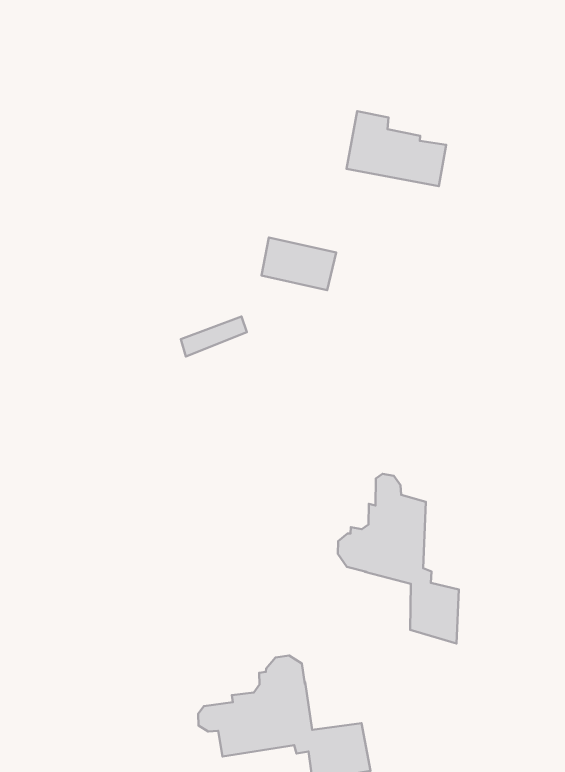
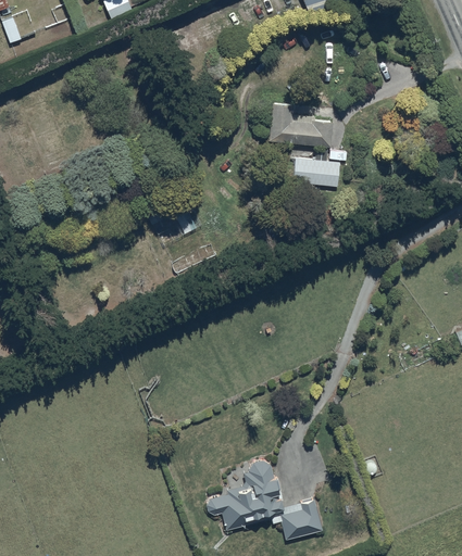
building: [262,238,336,290] -> [294,155,340,186]
building: [338,474,459,644] -> none

